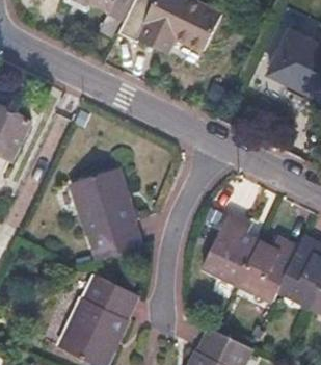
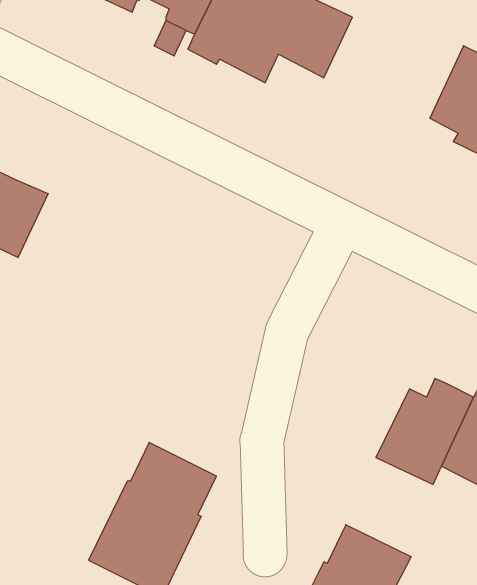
building: [69,168,137,260] -> none
building: [198,213,255,284] -> none

